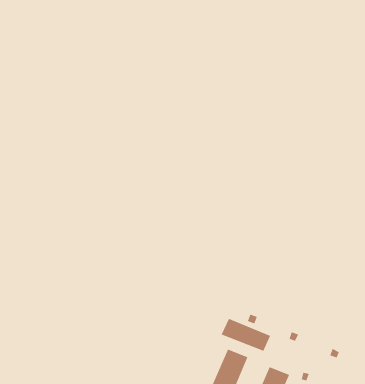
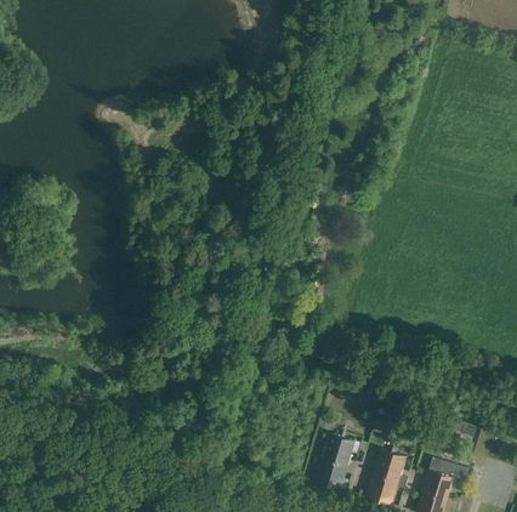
building: [221,318,271,352] -> none

